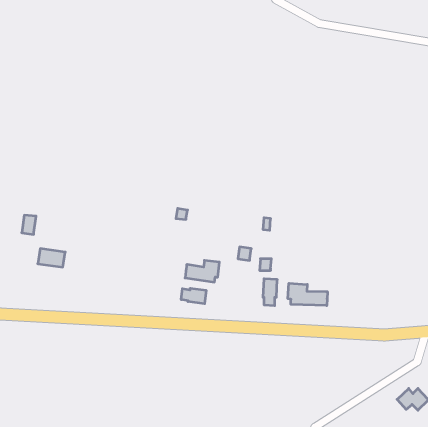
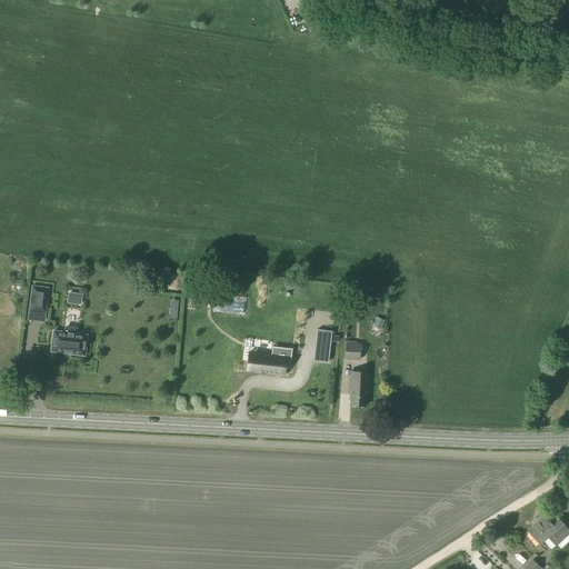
building: [288,283,327,306] -> none
building: [181,288,206,304] -> none

